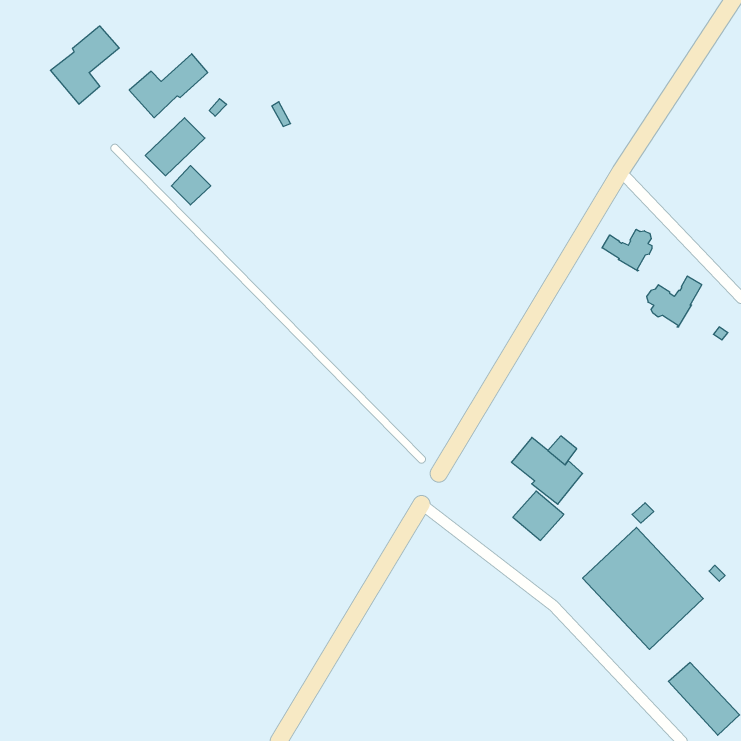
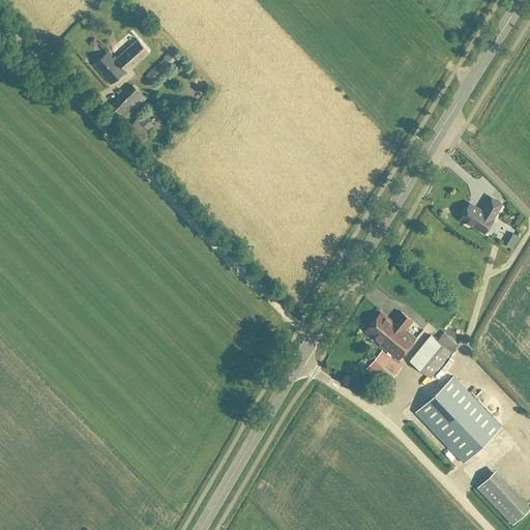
building: [50,26,119,104] -> none
building: [602,229,652,271] -> none
building: none -> [408,331,458,378]

